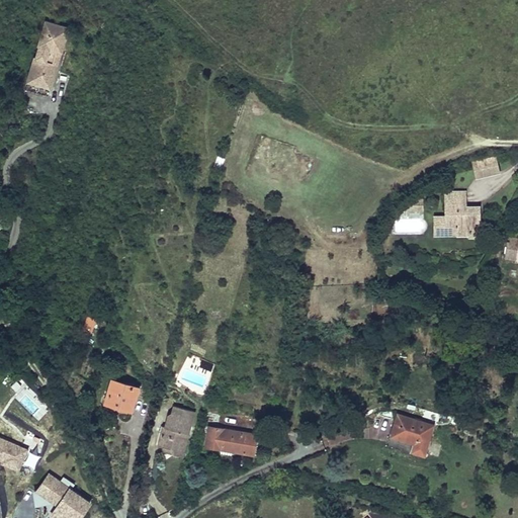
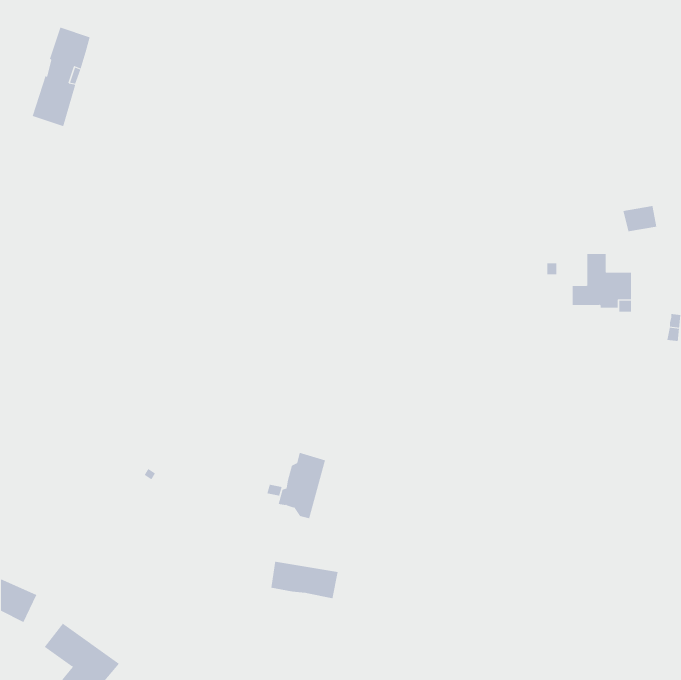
building: [105,380,139,411] -> none
building: [158,407,194,457] -> [278,452,326,519]
building: [388,415,433,455] -> none

